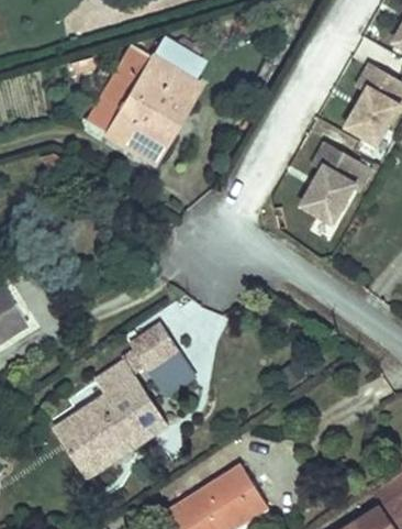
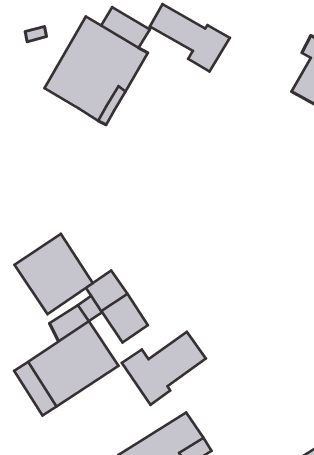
building: none -> [150,4,230,72]
building: [310,142,370,219] -> none
building: none -> [14,234,93,314]
building: none -> [122,332,206,405]

